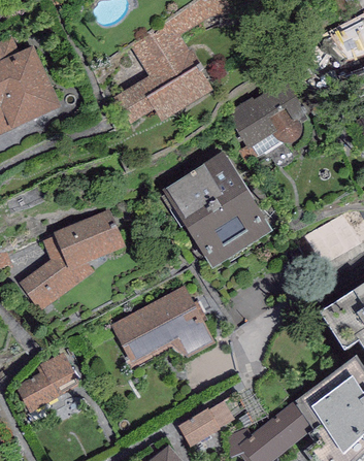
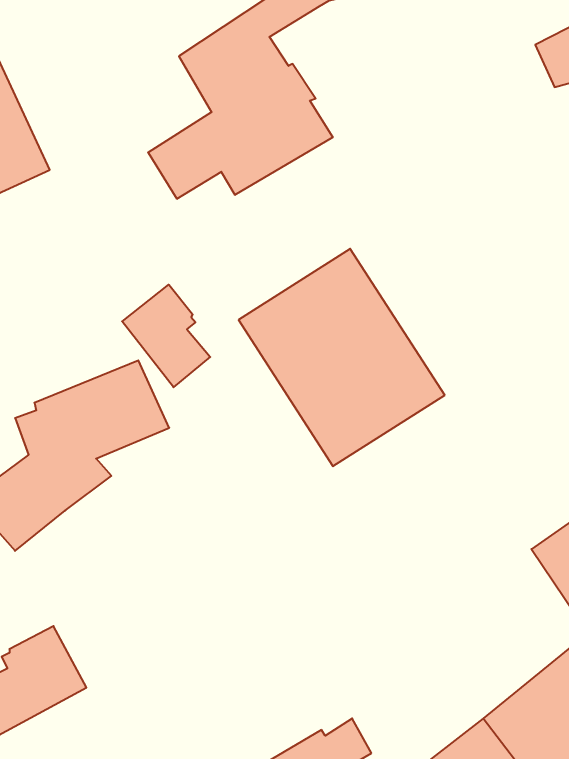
building: [226,79,306,149] -> none
building: none -> [122,285,210,387]
building: [110,286,214,371] -> none

